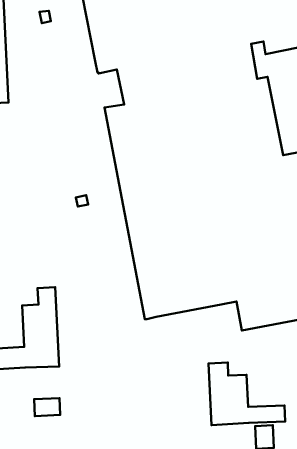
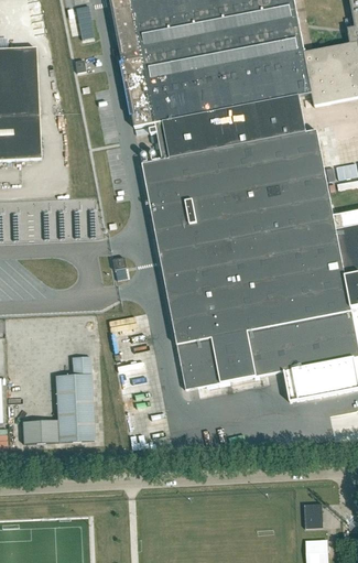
building: [209,363,285,425] -> none
building: [34,398,60,416] -> none

